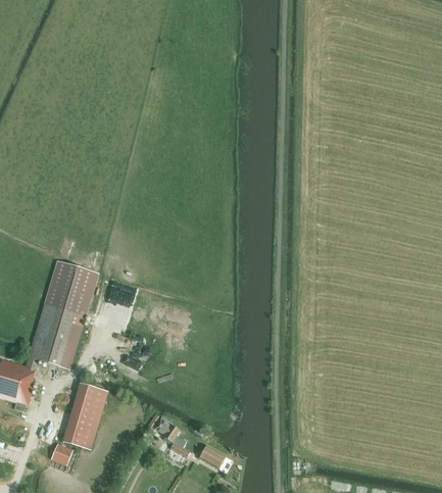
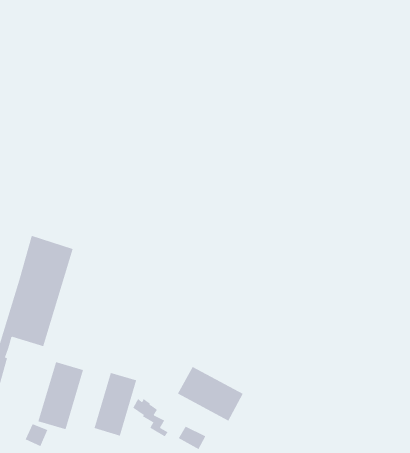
building: none -> [177,366,244,421]
building: none -> [94,372,137,436]

